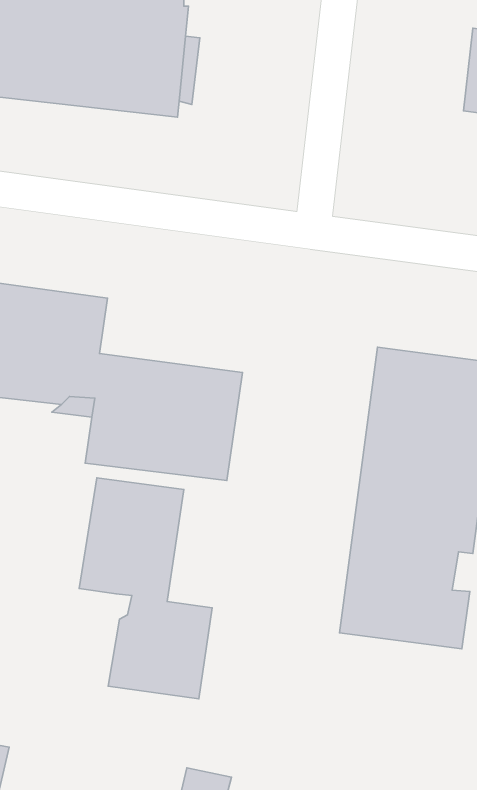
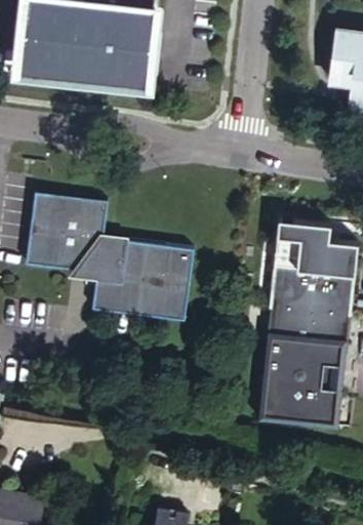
building: [79,478,212,699] -> none

